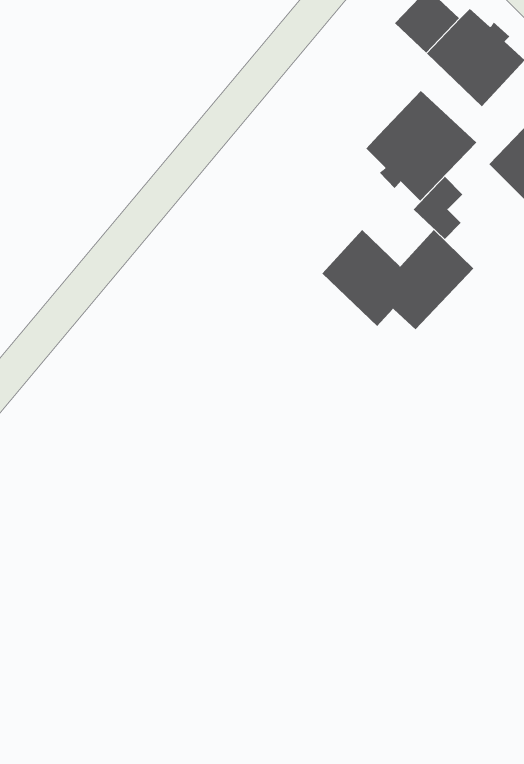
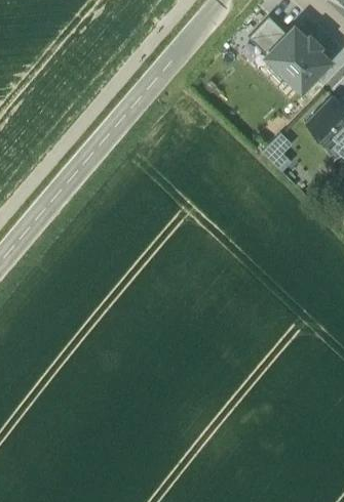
building: [366,90,477,201] -> none
building: [321,229,474,330] -> none

